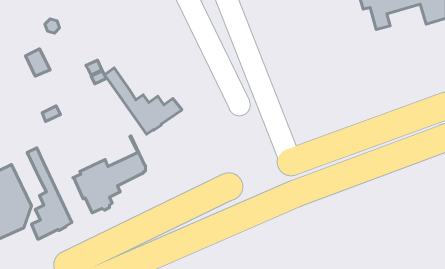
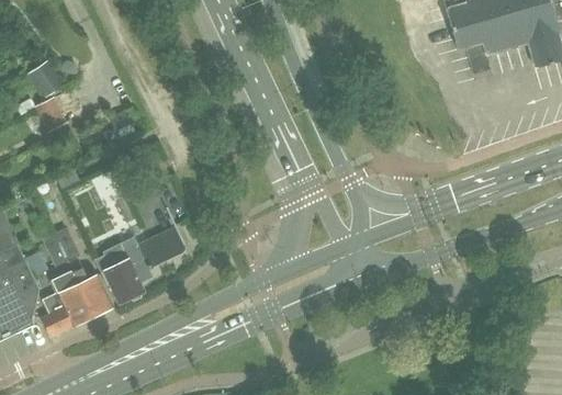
building: none -> [24,61,63,100]
building: [104,68,182,134] -> none
building: none -> [54,228,112,316]

